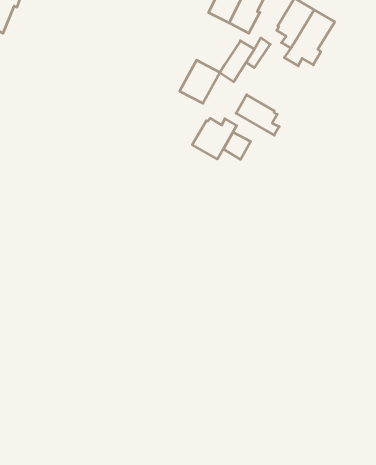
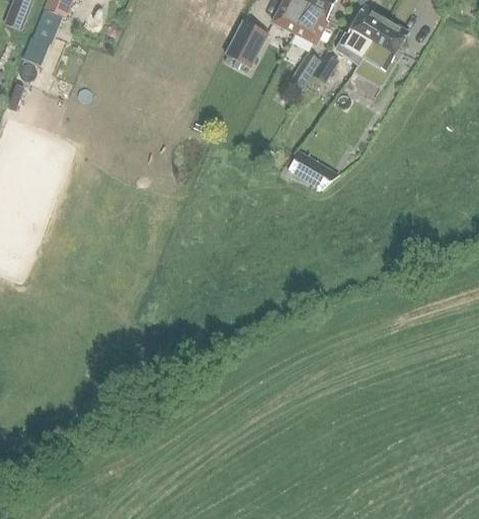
building: [180,60,220,103] -> [223,19,266,66]
building: [236,95,279,135] -> none
building: [192,118,237,159] -> none

